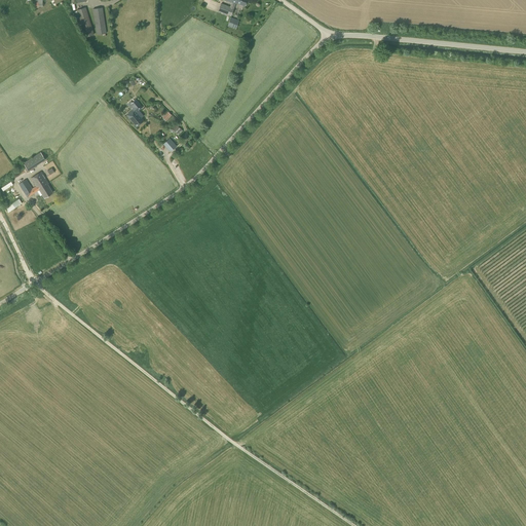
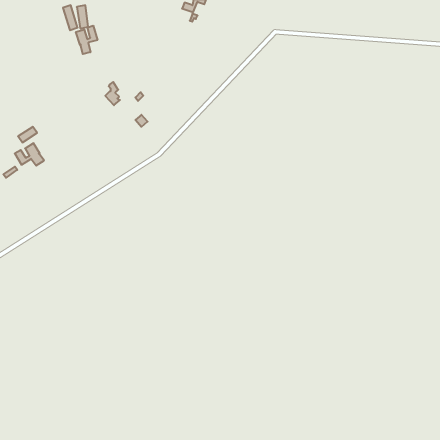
building: none -> [76,26,97,54]

